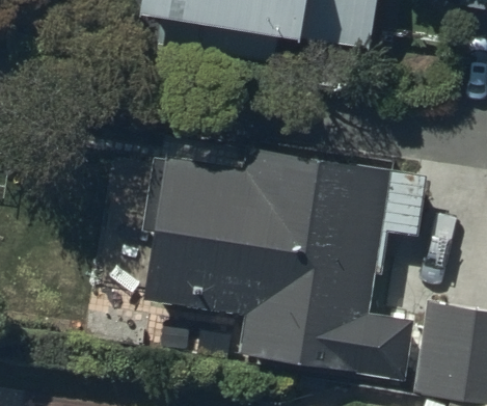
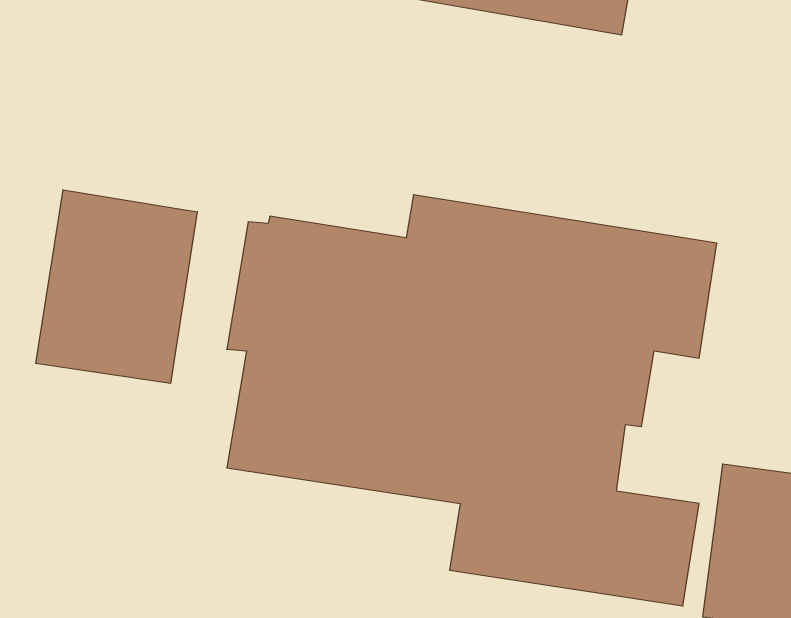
building: none -> [36,190,197,383]

